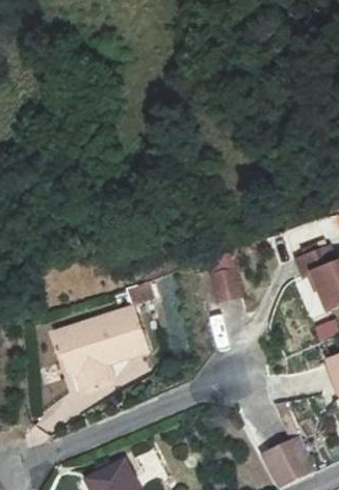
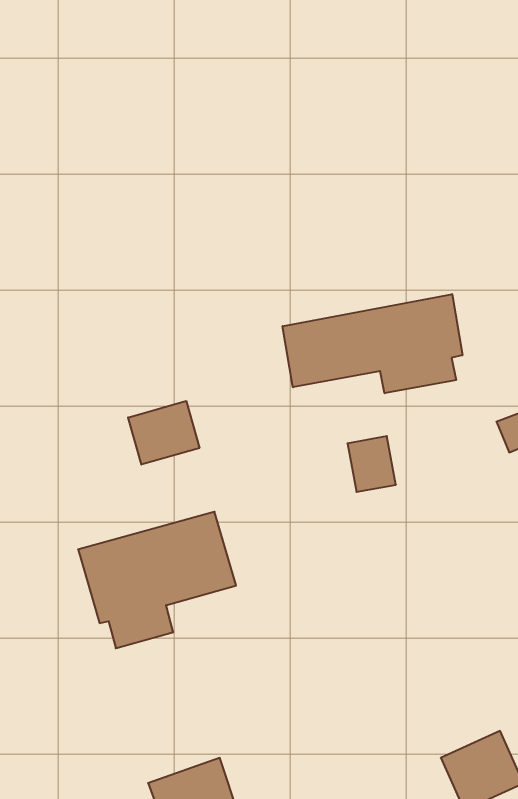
building: none -> [283,294,462,393]
building: none -> [128,401,199,465]

